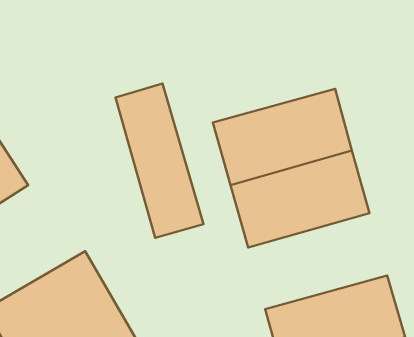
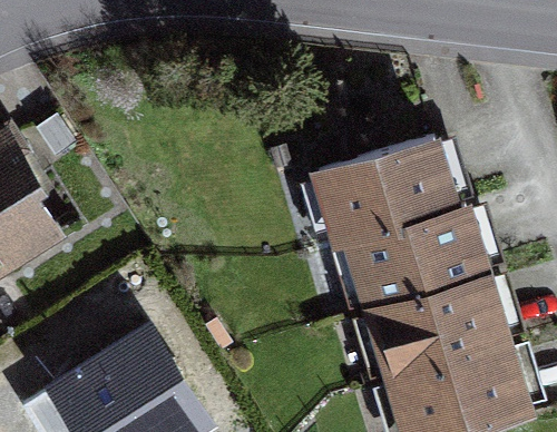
building: [115,83,203,238] -> none
building: none -> [349,278,515,393]

